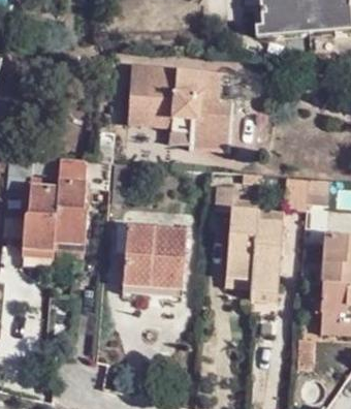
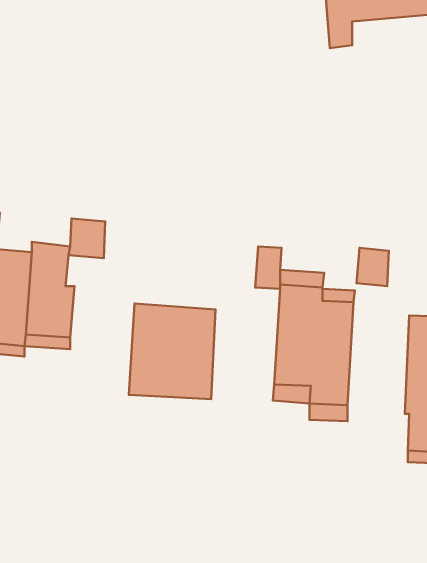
building: [128,68,235,151] -> none

